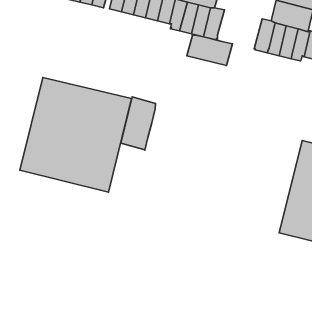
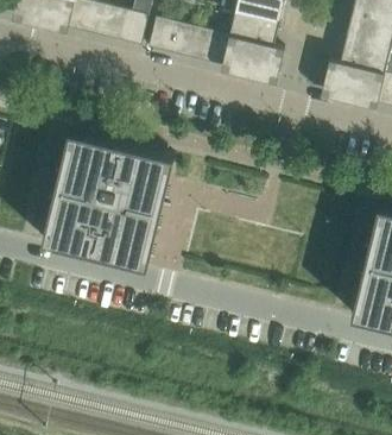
building: [187,35,233,65] -> none
building: [121,97,155,150] -> none

